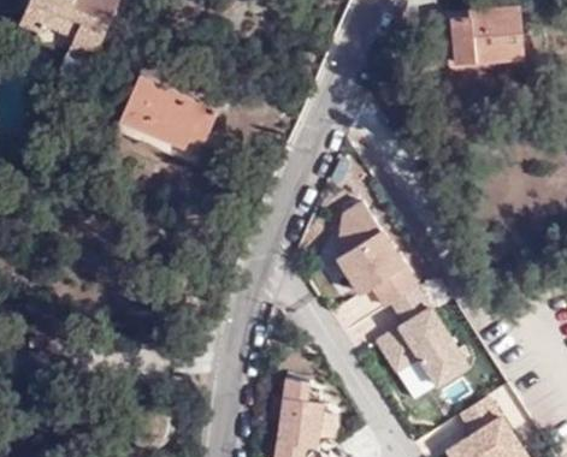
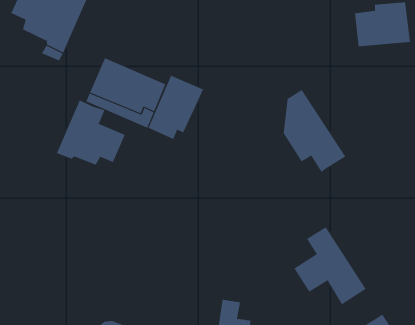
building: none -> [148,75,204,140]
building: none -> [56,100,125,165]
building: [337,202,417,307] -> [283,89,346,173]

